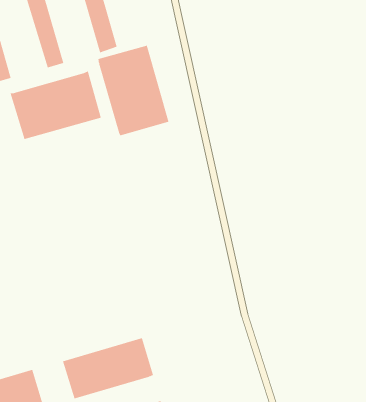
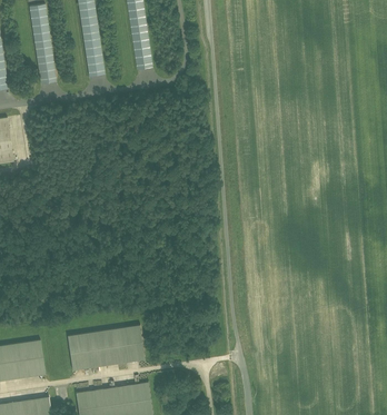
building: [98,45,169,136] -> none
building: [10,70,101,140] -> none

